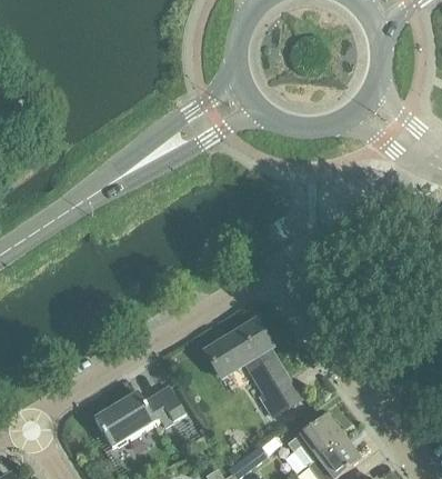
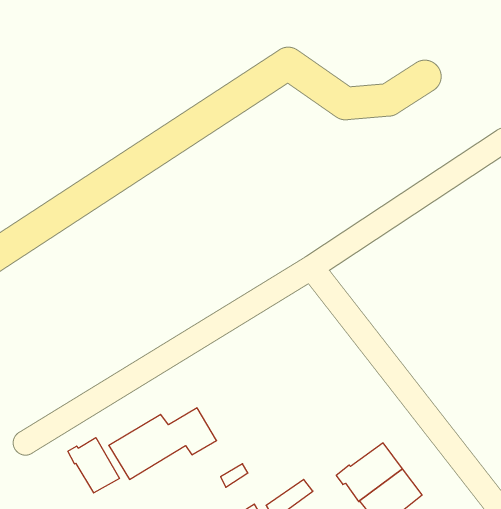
building: [205,321,301,415] -> none
building: none -> [68,438,119,493]

